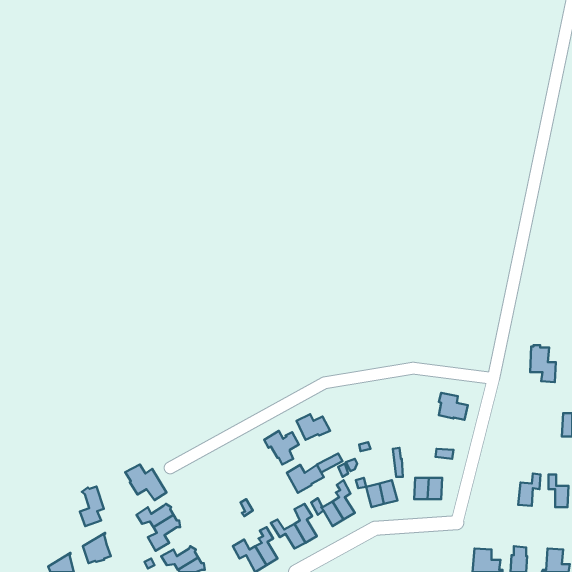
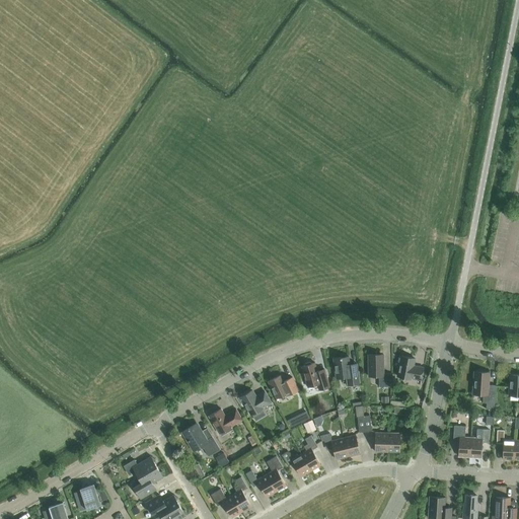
building: [530,345,556,382] -> [472,370,496,403]
building: none -> [368,354,391,387]
building: none -> [333,356,359,385]
building: none -> [301,362,329,390]
building: [125,464,167,500] -> [182,424,220,456]
building: [287,465,324,493] -> [209,409,242,434]
building: none -> [453,426,471,457]
building: [80,486,104,526] -> none

